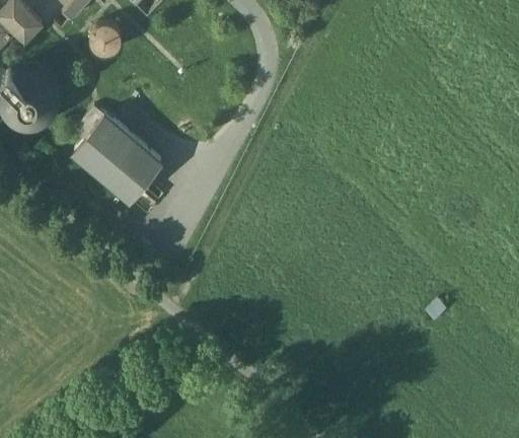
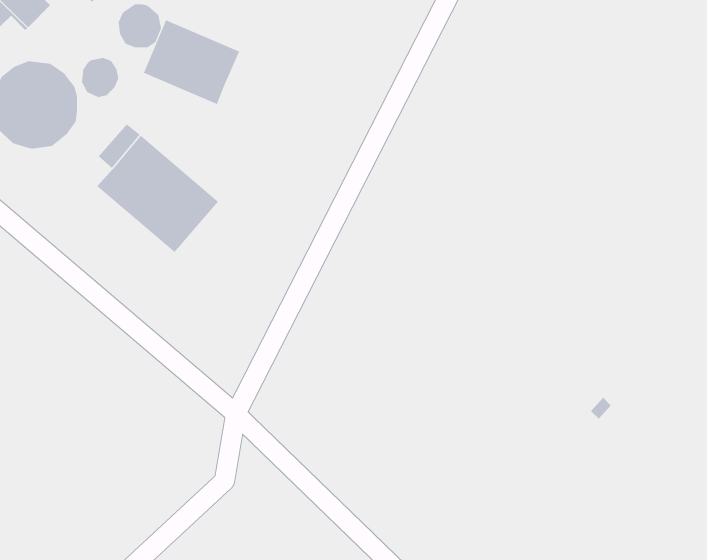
building: none -> [143,20,240,105]
building: none -> [81,57,119,98]

